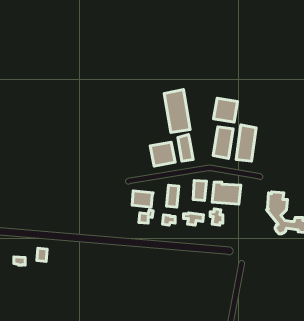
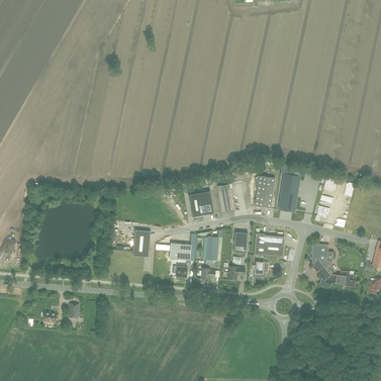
building: [164,90,190,132] -> none
building: [214,98,238,122] -> none
building: none -> [132,229,151,257]

